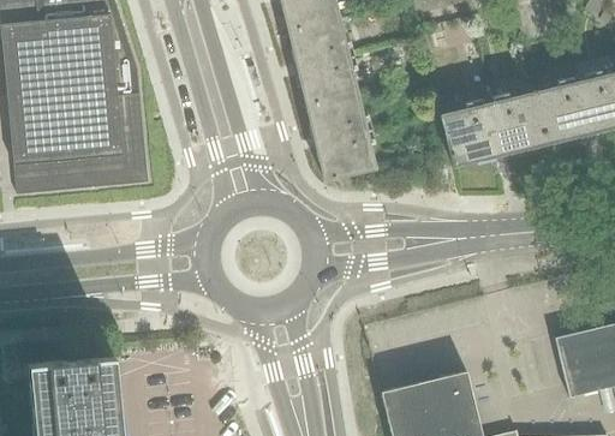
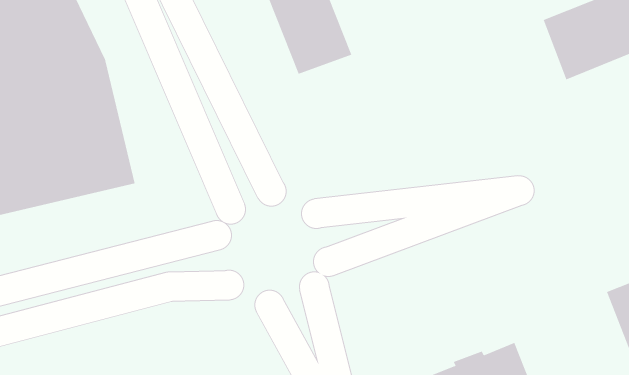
building: [442,88,545,166] -> none
building: [308,95,376,181] -> none

